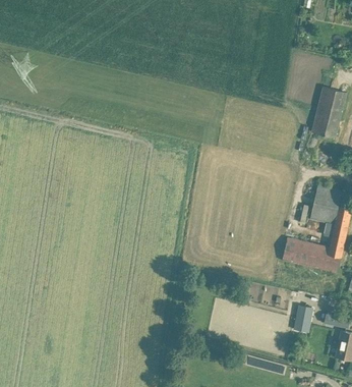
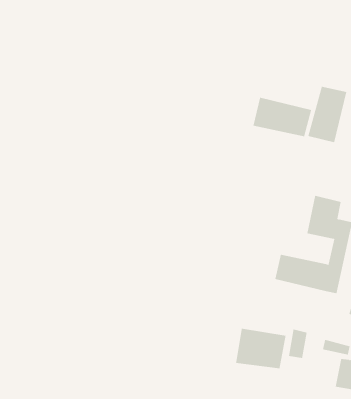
building: none -> [253,97,312,137]
building: none -> [236,328,286,369]

